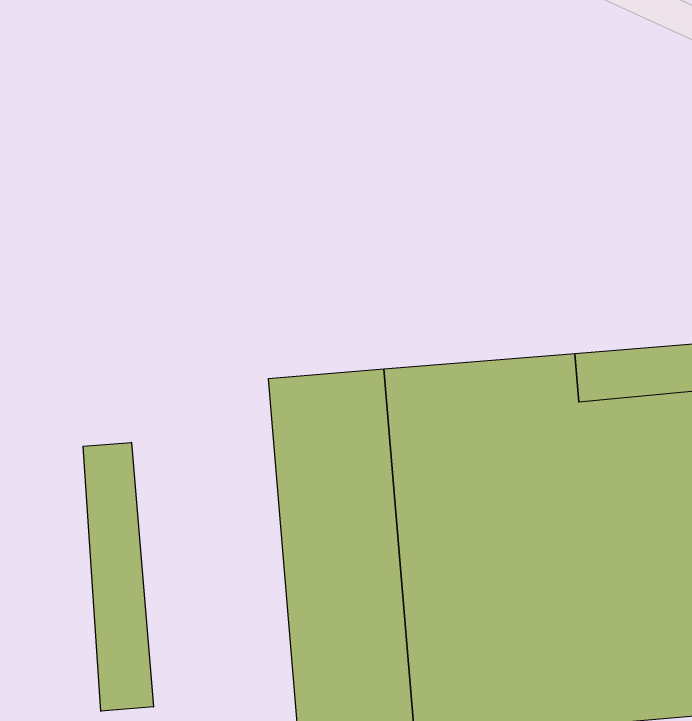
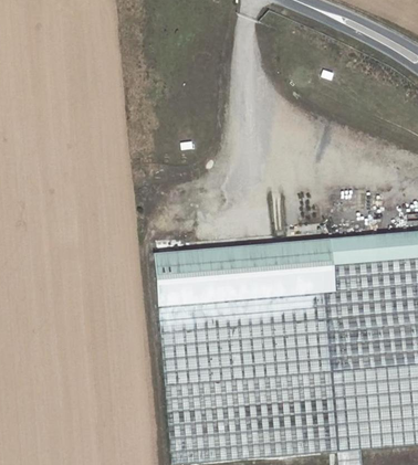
building: [83,442,153,711] -> none

